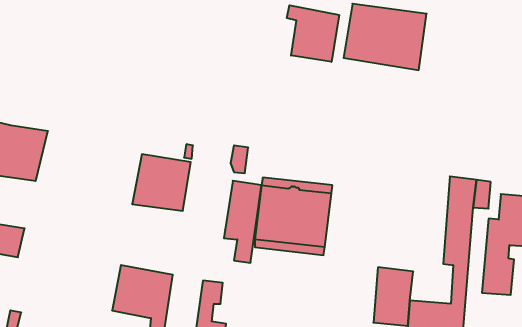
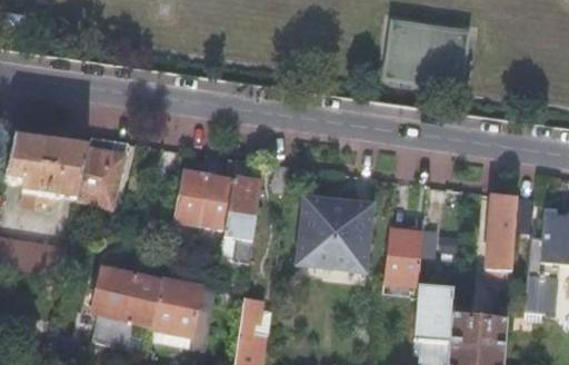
building: [287,5,339,62] -> none
building: none -> [76,136,127,206]
building: [224,181,262,263] -> [222,178,260,260]
building: none -> [383,228,423,284]
building: none -> [92,267,161,327]

